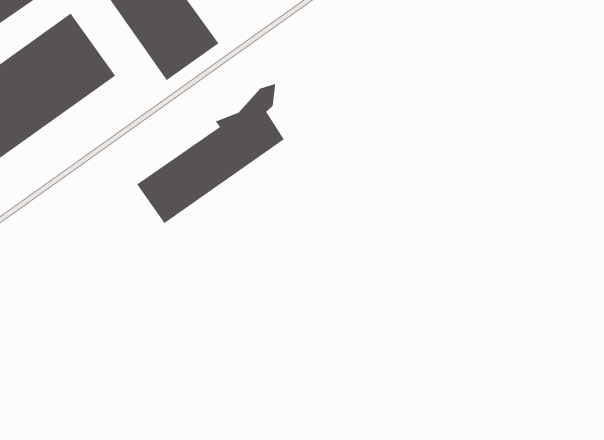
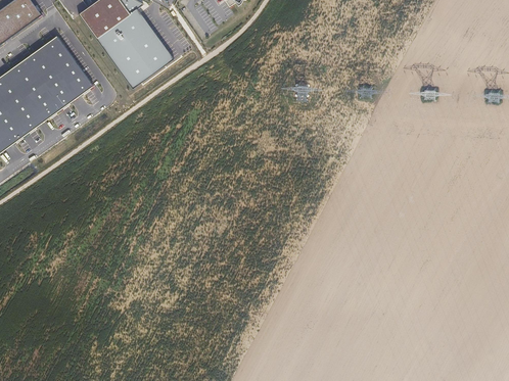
building: [136,83,285,224] -> none

